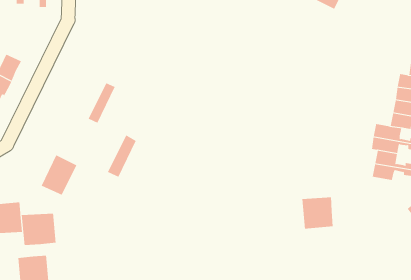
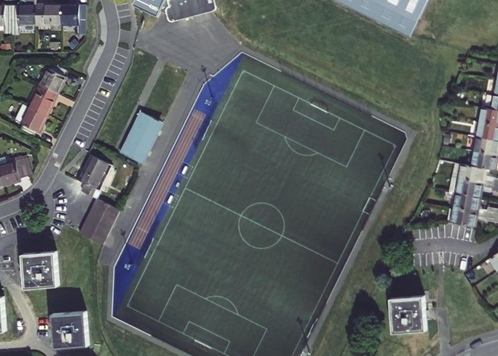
building: none -> [39,63,66,93]
building: none -> [76,154,111,198]
building: [107,135,137,177] -> [118,110,151,158]
building: [301,197,334,229] -> [390,296,426,332]
building: [21,213,56,246] -> none

